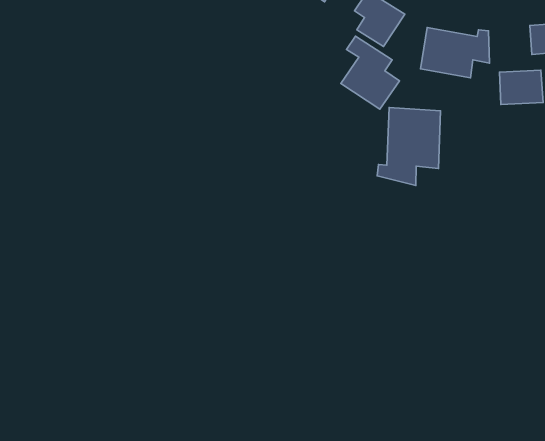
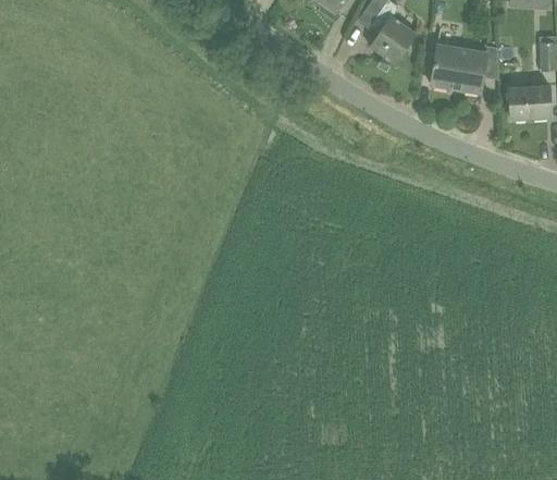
building: [341,36,399,109] -> none
building: [377,107,441,186] -> none

